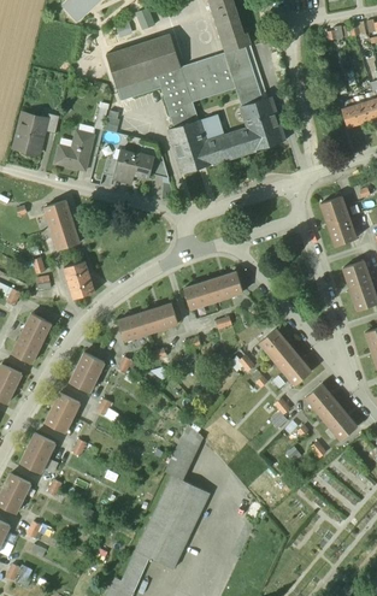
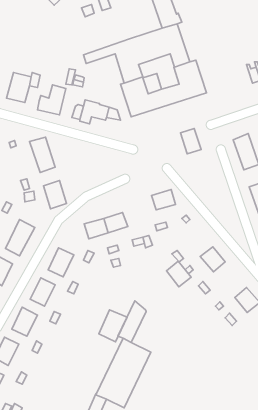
building: [106,34,181,89] -> none
building: none -> [181,128,201,154]
building: [184,281,217,308] -> none
building: [260,329,294,364] -> [166,261,191,287]
building: [306,384,340,419] -> none
building: none -> [99,310,127,342]

